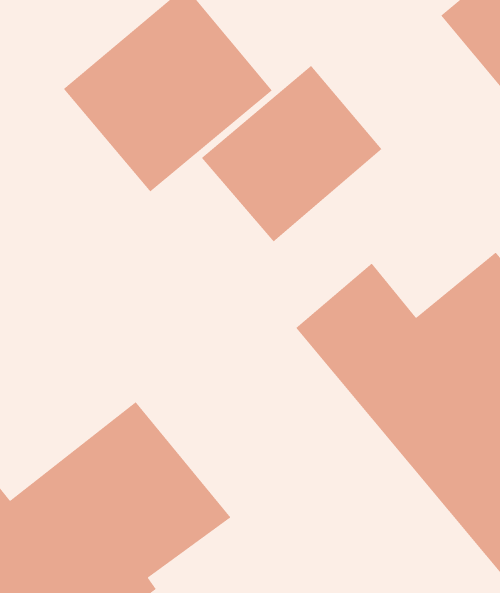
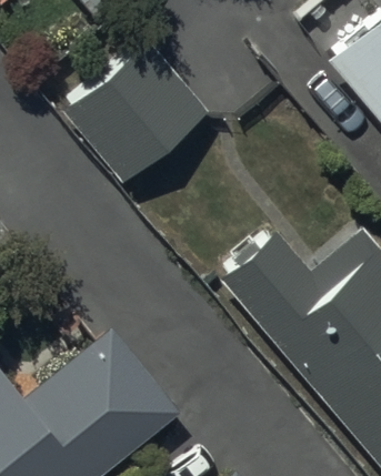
building: [201,65,382,243] -> none

